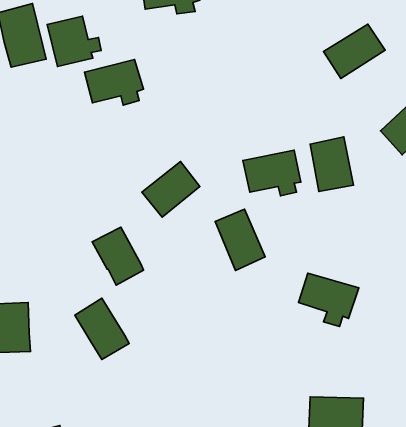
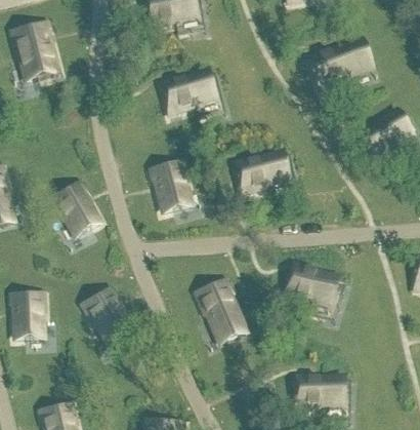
building: [47,16,101,66] -> none
building: [85,60,144,105] -> [163,74,216,115]
building: [310,137,353,192] -> none
building: [215,209,265,271] -> [199,279,244,335]
building: [92,227,143,285] -> [54,182,100,234]

